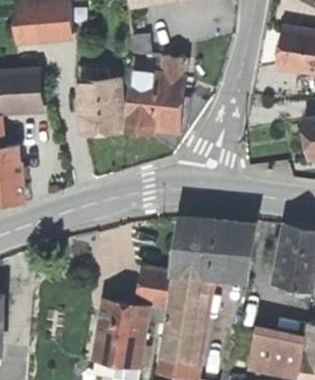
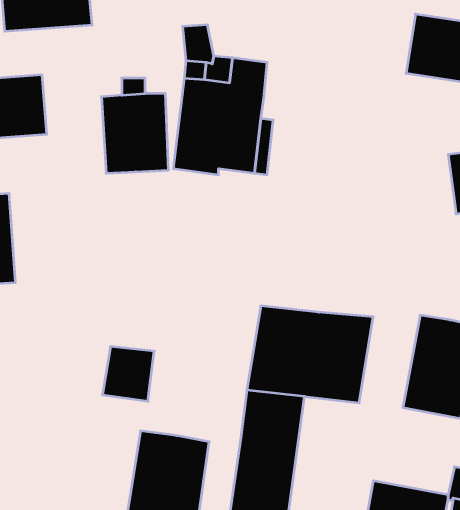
building: [138,271,172,307] -> [103,347,154,401]

